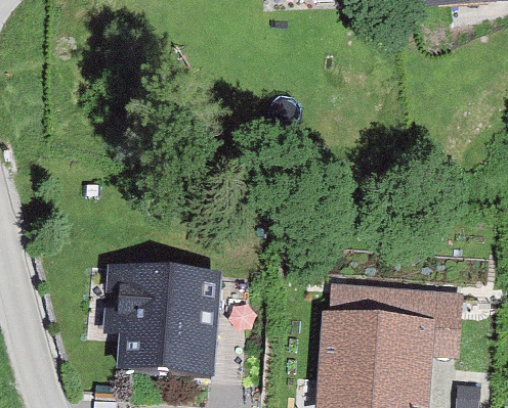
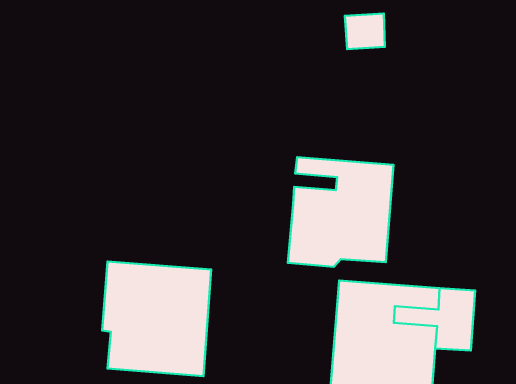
building: none -> [288,157,393,267]

